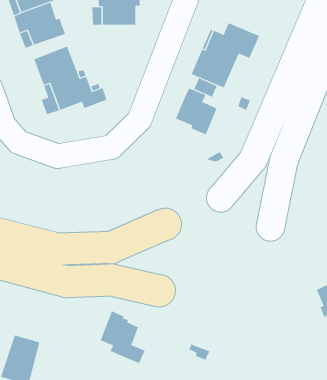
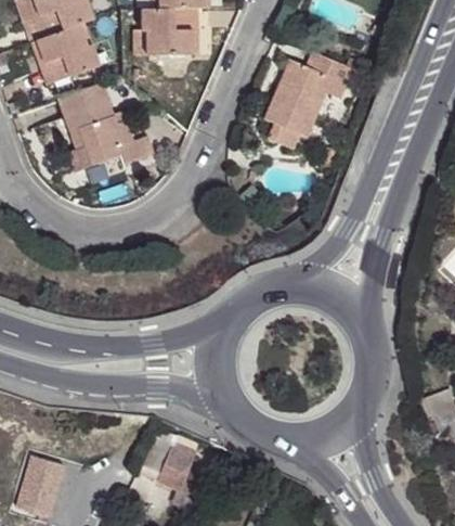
building: [175,88,217,135] -> none

